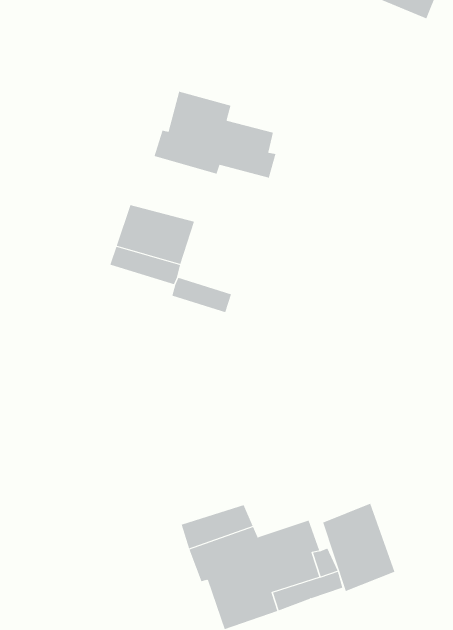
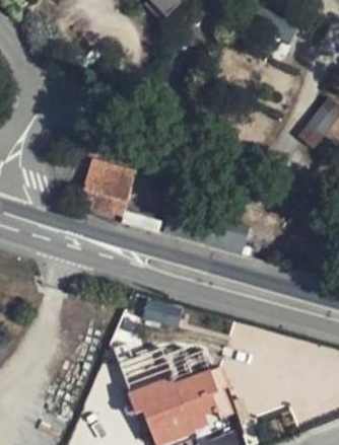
building: [154,91,276,179] -> none
building: [322,503,395,592] -> none

